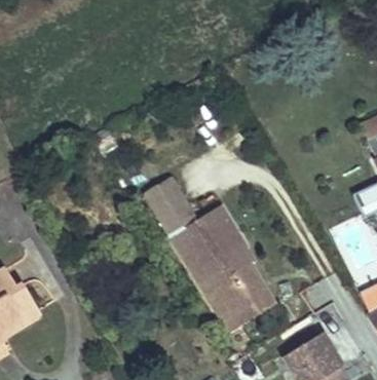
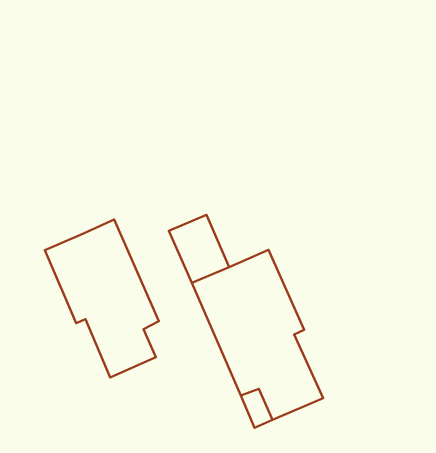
building: none -> [45,220,159,378]

